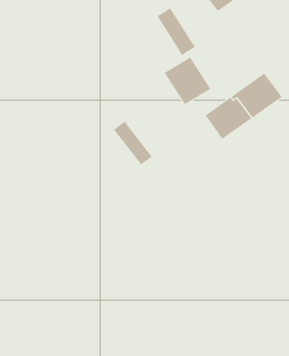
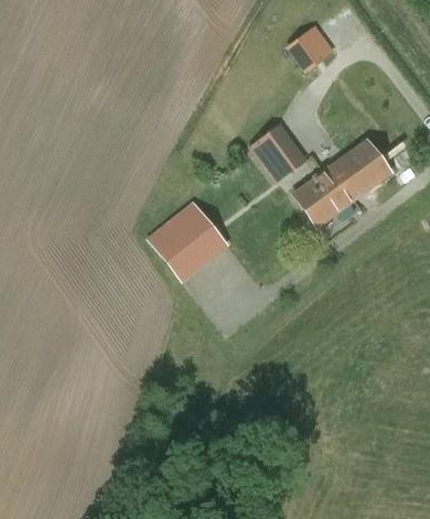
building: [157,7,196,56] -> none
building: none -> [149,213,215,282]

